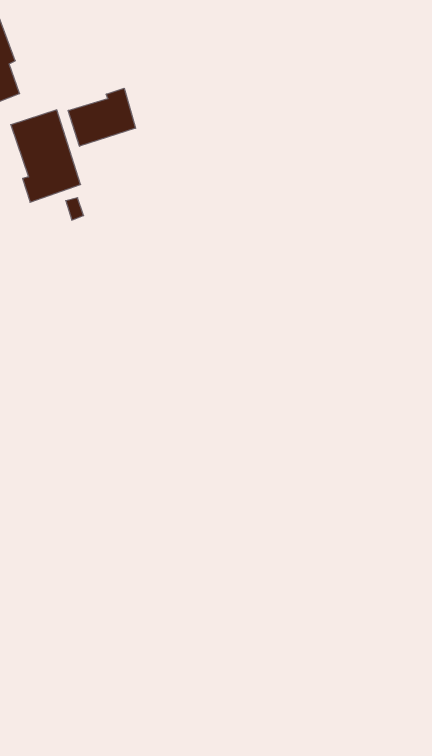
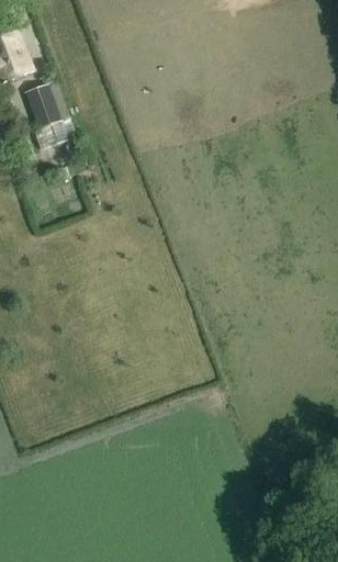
building: [68,88,136,146] -> none

